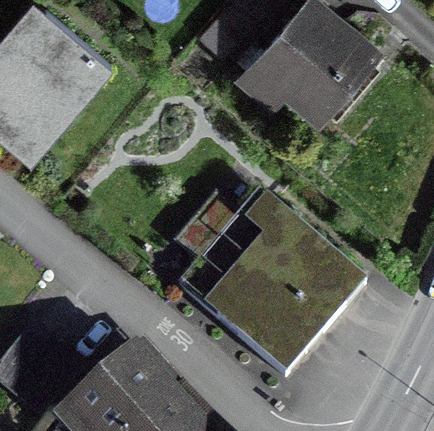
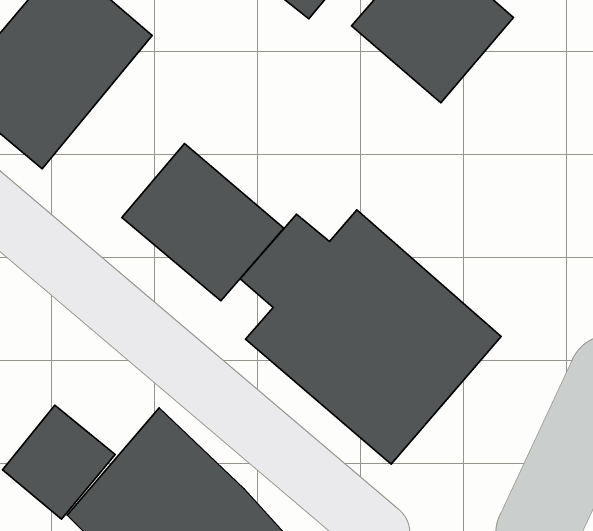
building: none -> [122,143,284,301]

